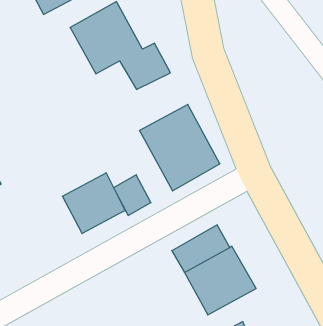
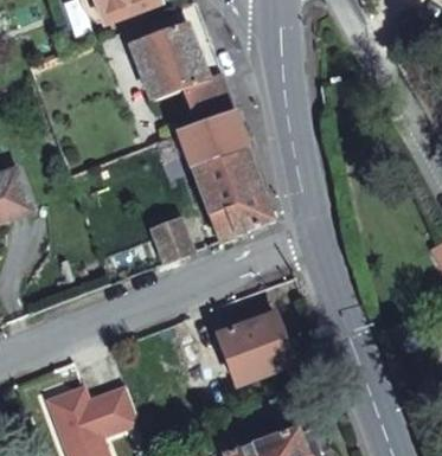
building: none -> [175,111,249,171]
building: [62,173,125,234] -> none

